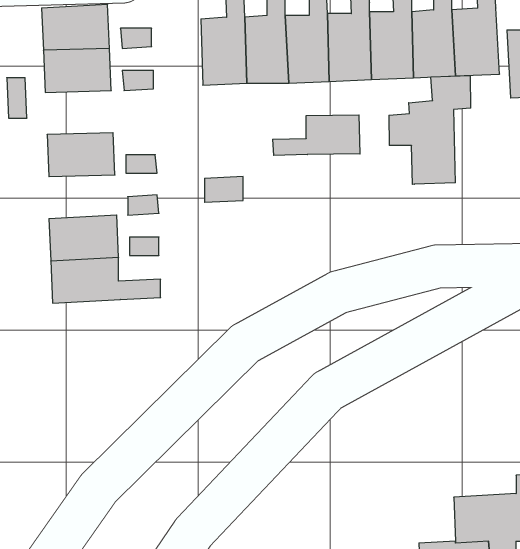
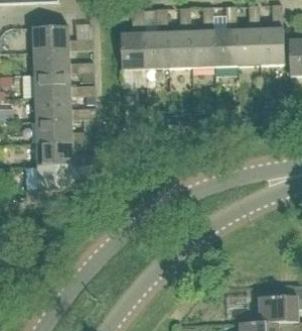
building: [389,76,471,184] -> none
building: none -> [33,73,94,97]
building: [273,115,360,155] -> none
building: none -> [35,119,72,143]

